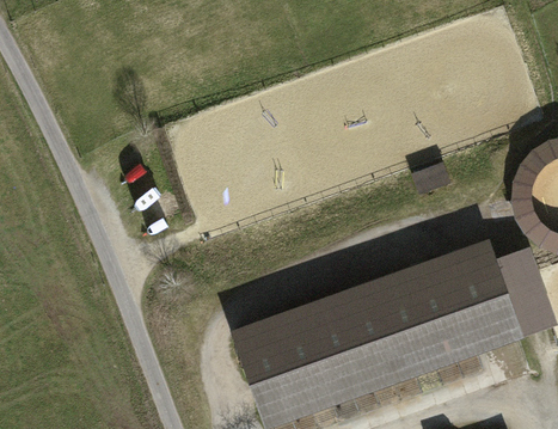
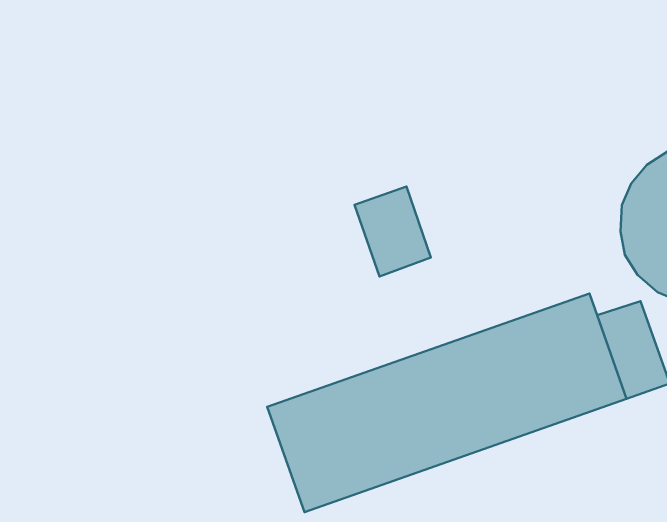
building: none -> [354,187,431,276]

